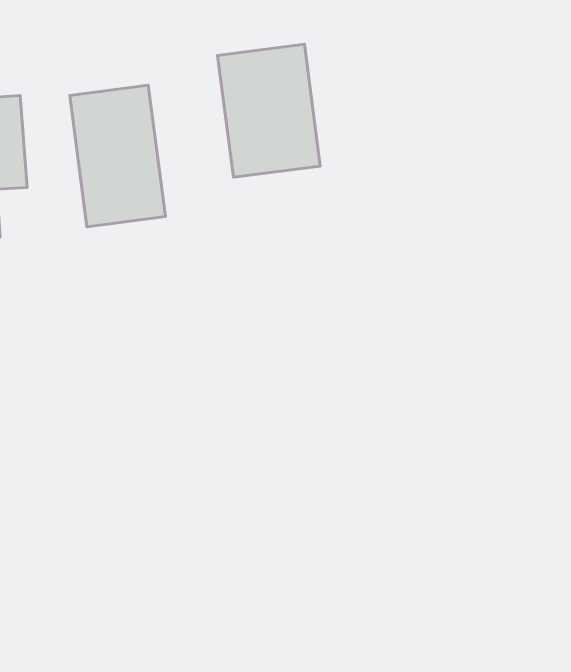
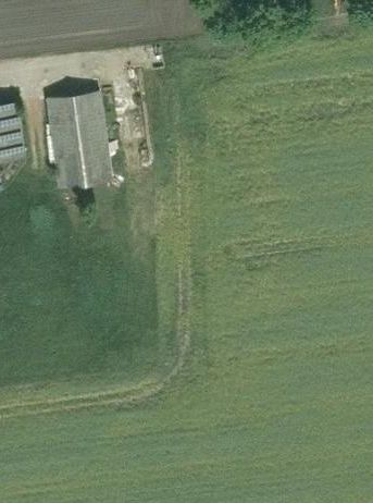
building: [218,44,320,177] -> none

